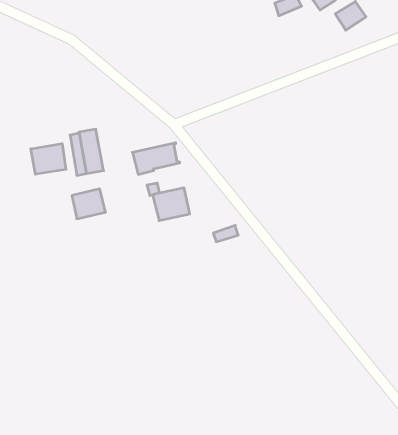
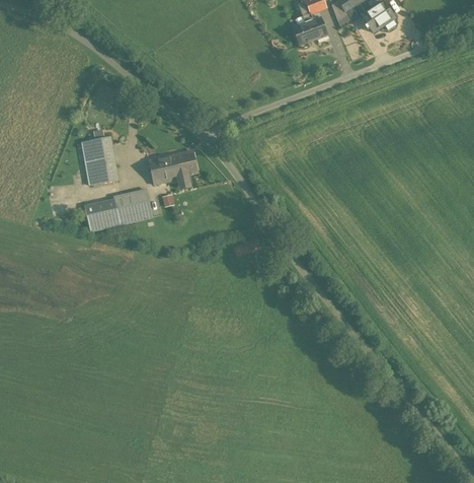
building: none -> [292,17,326,46]
building: [31,144,66,174] -> none
building: [153,188,190,221] -> [112,190,151,224]

